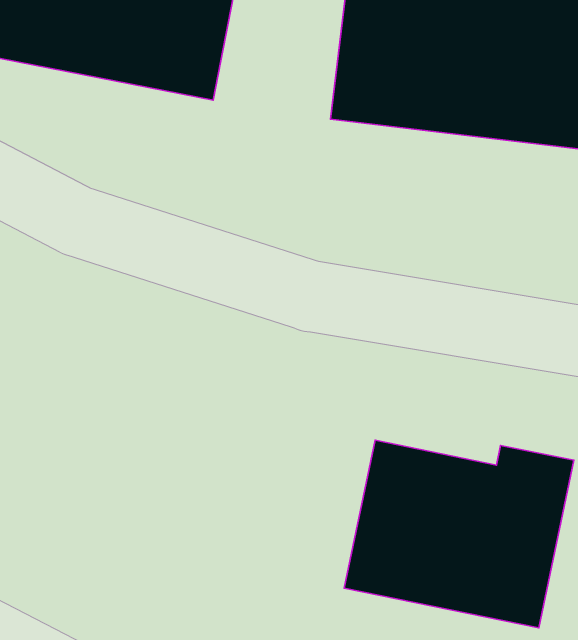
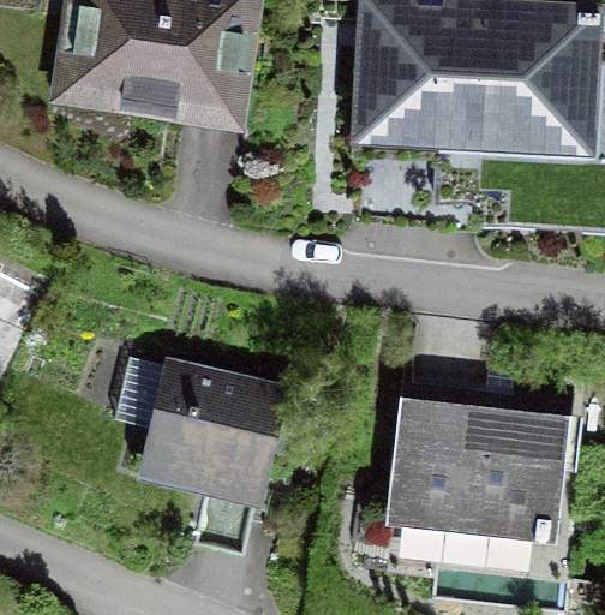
building: none -> [155,365,316,517]

